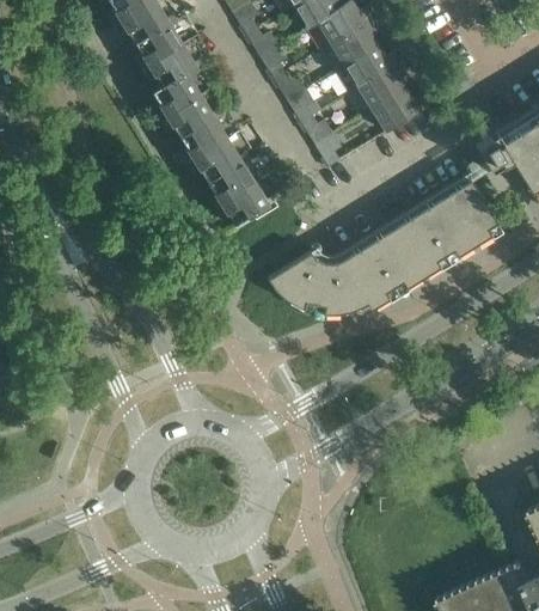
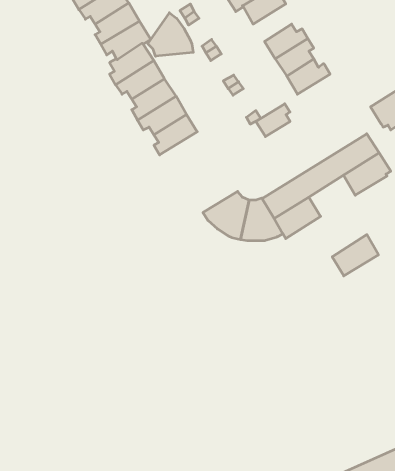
building: [324,19,379,71] -> none
building: none -> [148,13,193,56]
building: none -> [256,104,290,137]
building: [215,178,276,226] -> none
building: [400,232,458,283] -> [332,235,378,276]

